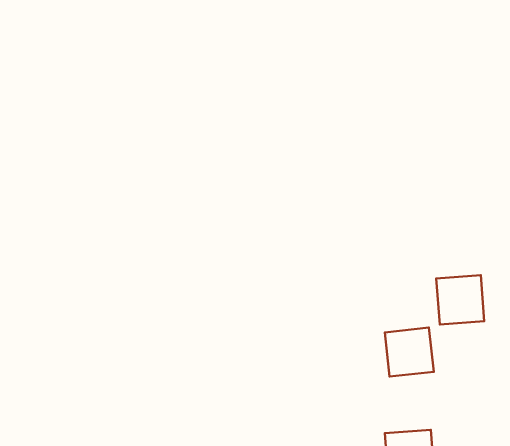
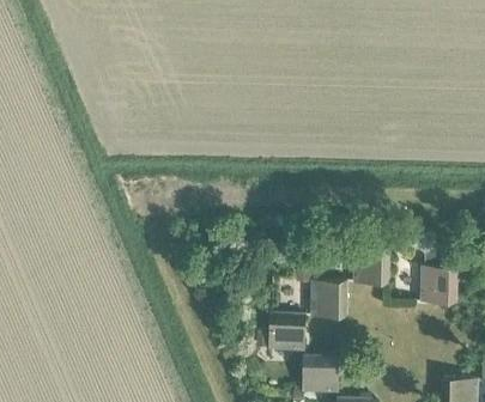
building: none -> [269,315,305,351]

